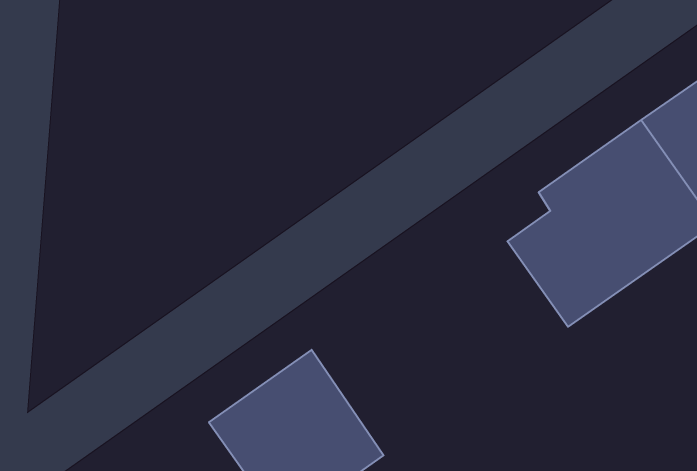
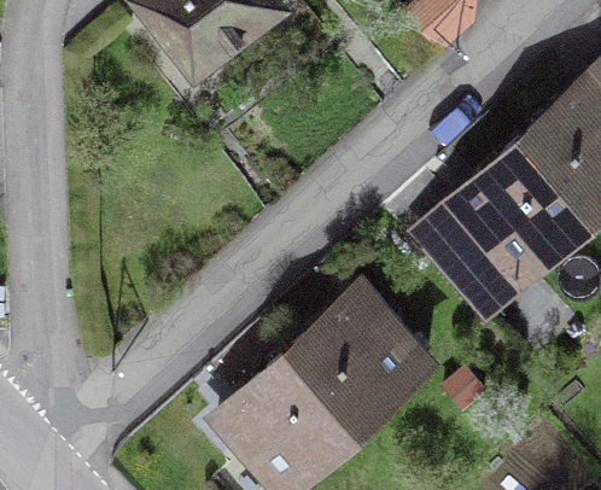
building: none -> [287,288,427,430]

